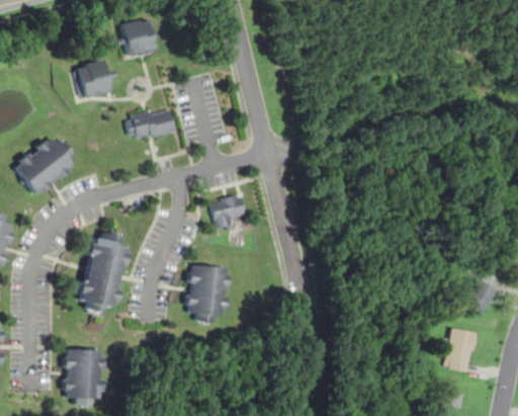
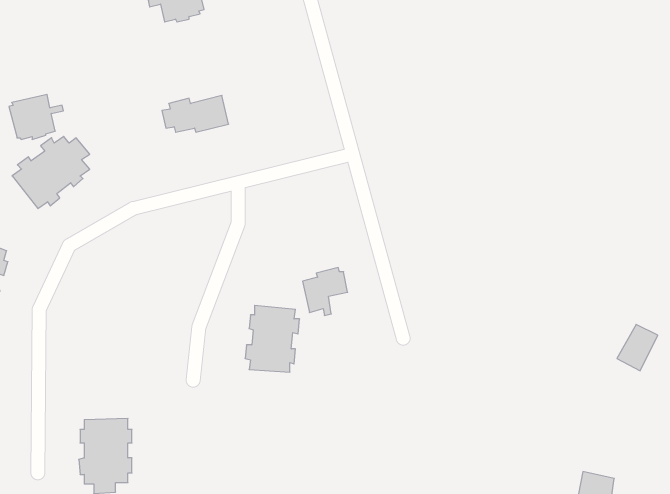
building: [75,63,115,96] -> [9,94,63,139]
building: [211,194,245,230] -> [303,268,348,315]
building: [78,232,127,312] -> none
building: [444,327,474,369] -> none

